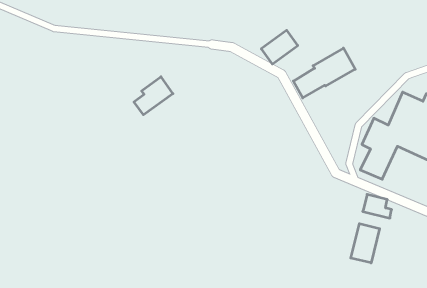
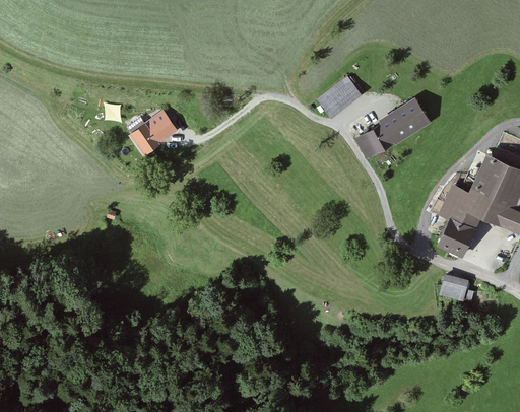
building: [134,77,173,115] -> [131,110,178,155]
building: [351,224,380,263] -> none

